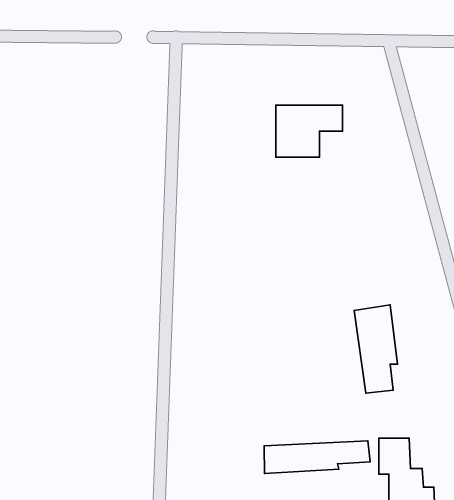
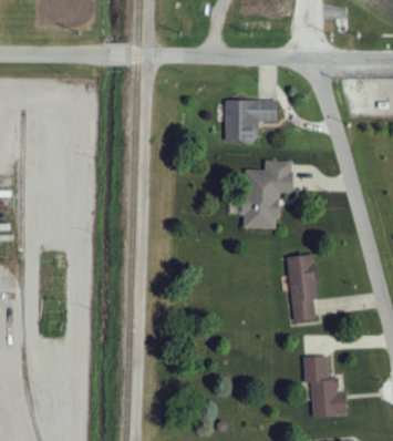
building: none -> [244,161,293,228]
building: [264,441,370,474] -> none

